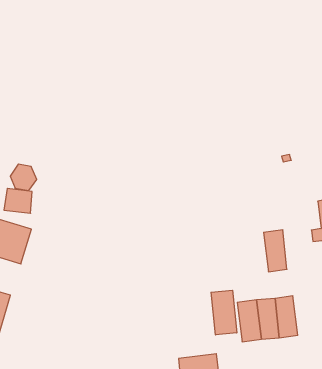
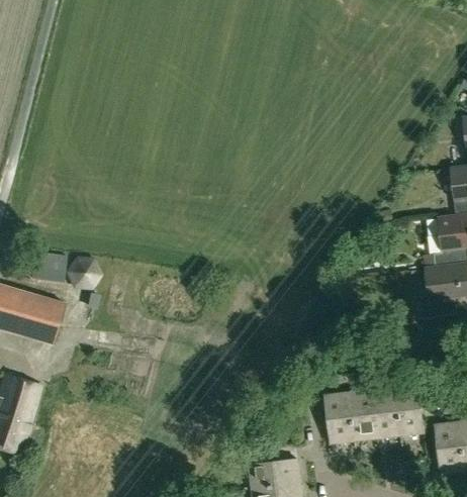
building: [10,164,37,191] -> [67,256,100,289]
building: [264,230,287,272] -> [393,383,423,435]
building: [211,290,237,335] -> none

